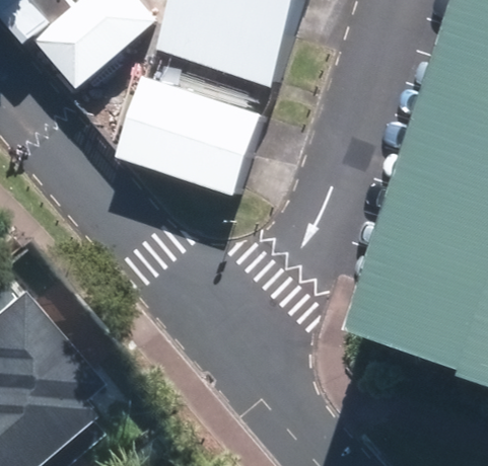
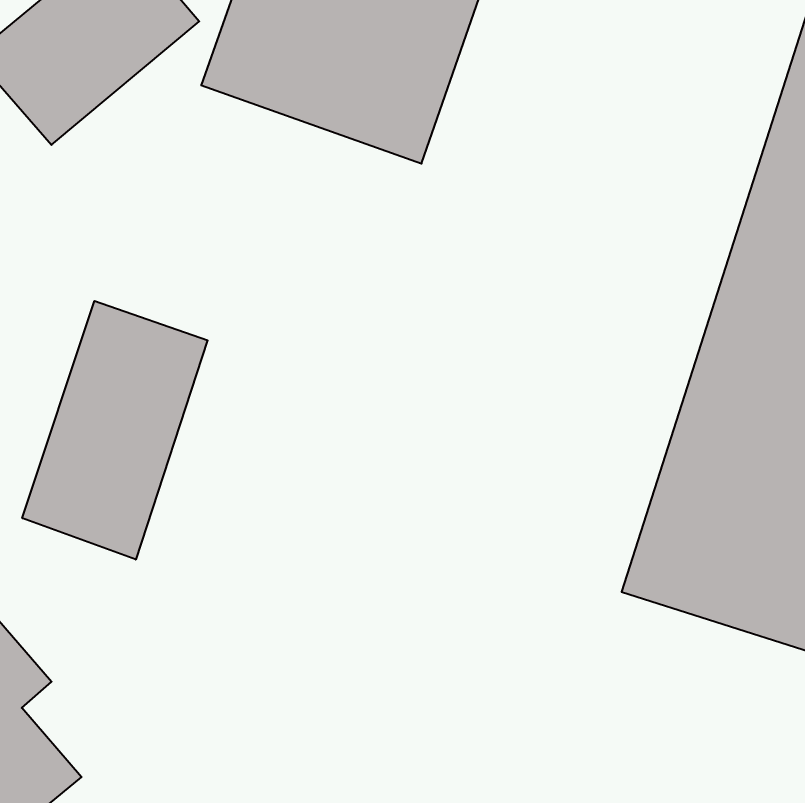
building: [120,80,259,195] -> none
building: none -> [22,301,208,560]

